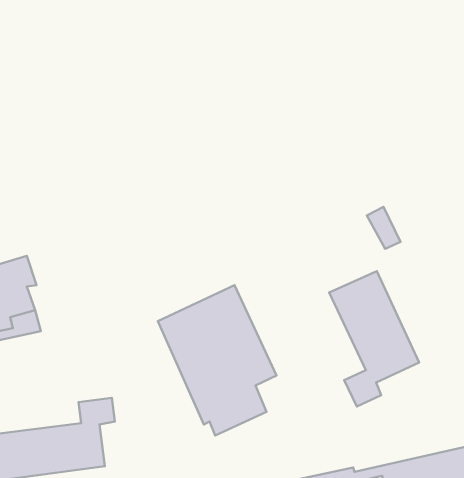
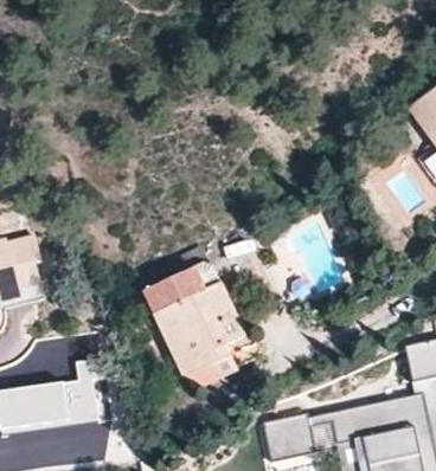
building: [329,271,419,407] -> none

